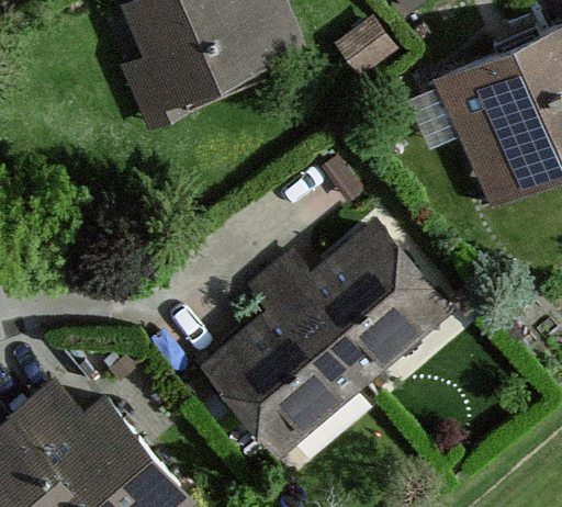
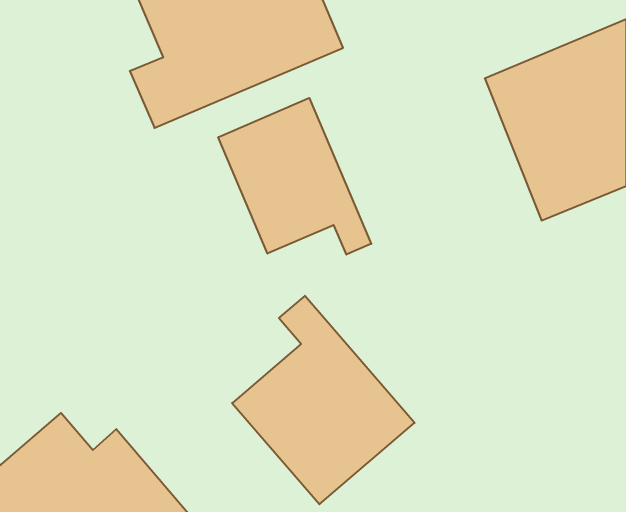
building: none -> [218,98,371,255]
building: [273,223,453,387] -> none

